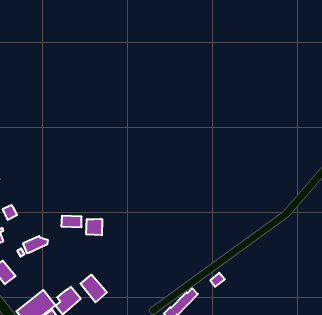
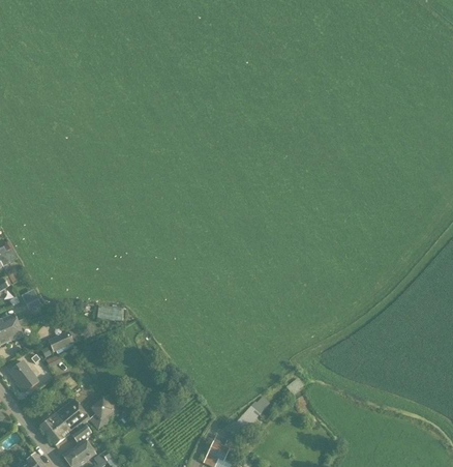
building: [86,219,102,235] -> none
building: [80,275,107,302] -> none

